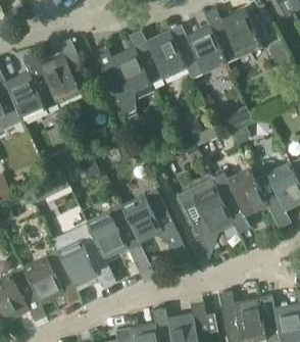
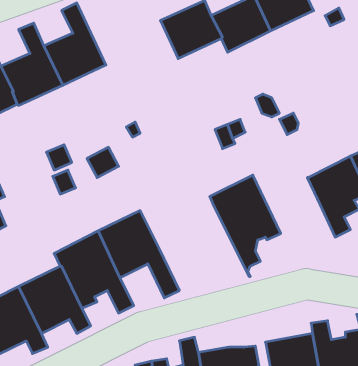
building: [93,45,151,115] -> none
building: [211,167,263,232] -> none
building: [120,189,190,265] -> none

